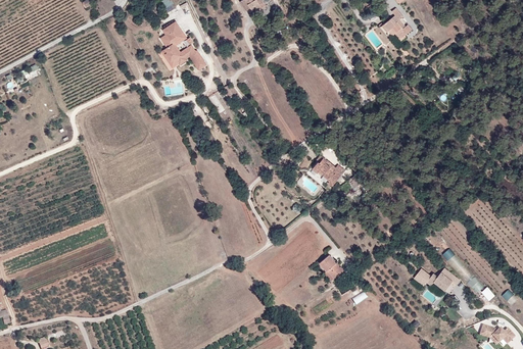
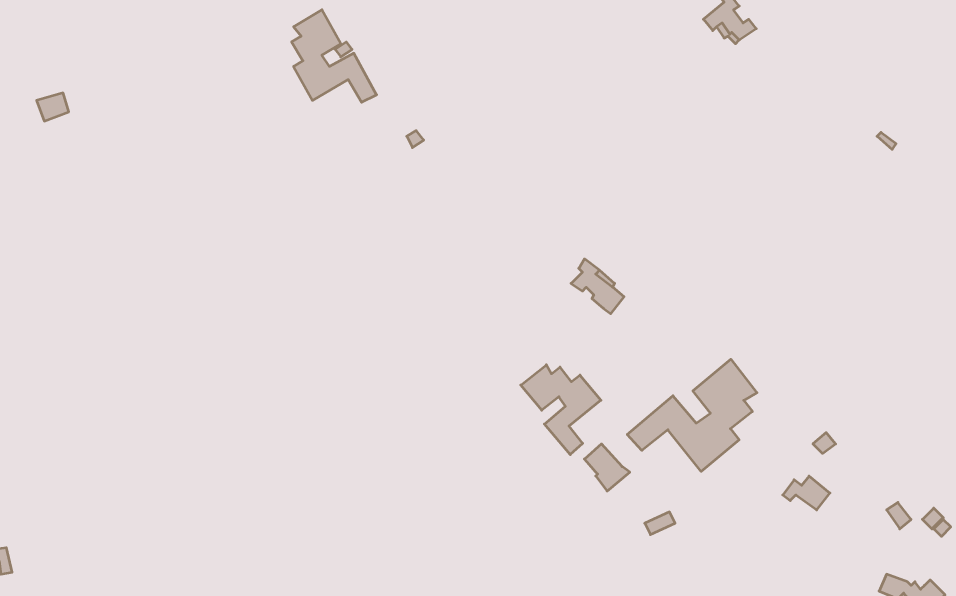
building: none -> [627,359,757,471]
building: none -> [521,365,601,455]

